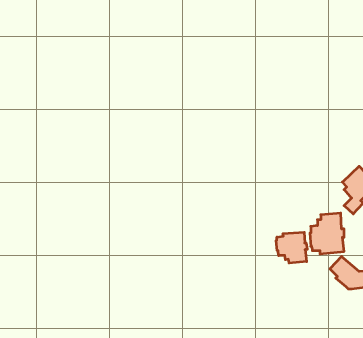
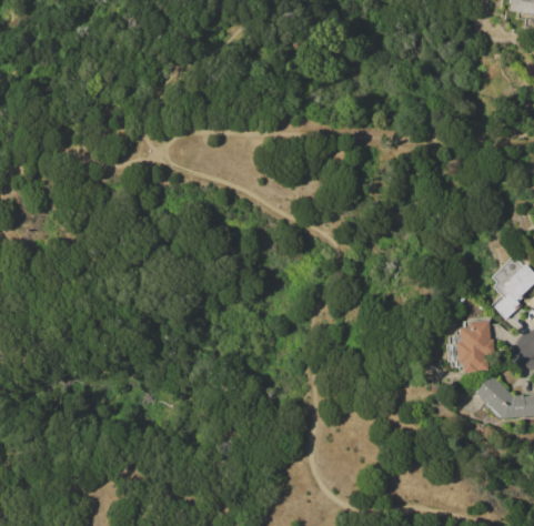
building: [276,232,307,263] -> none

